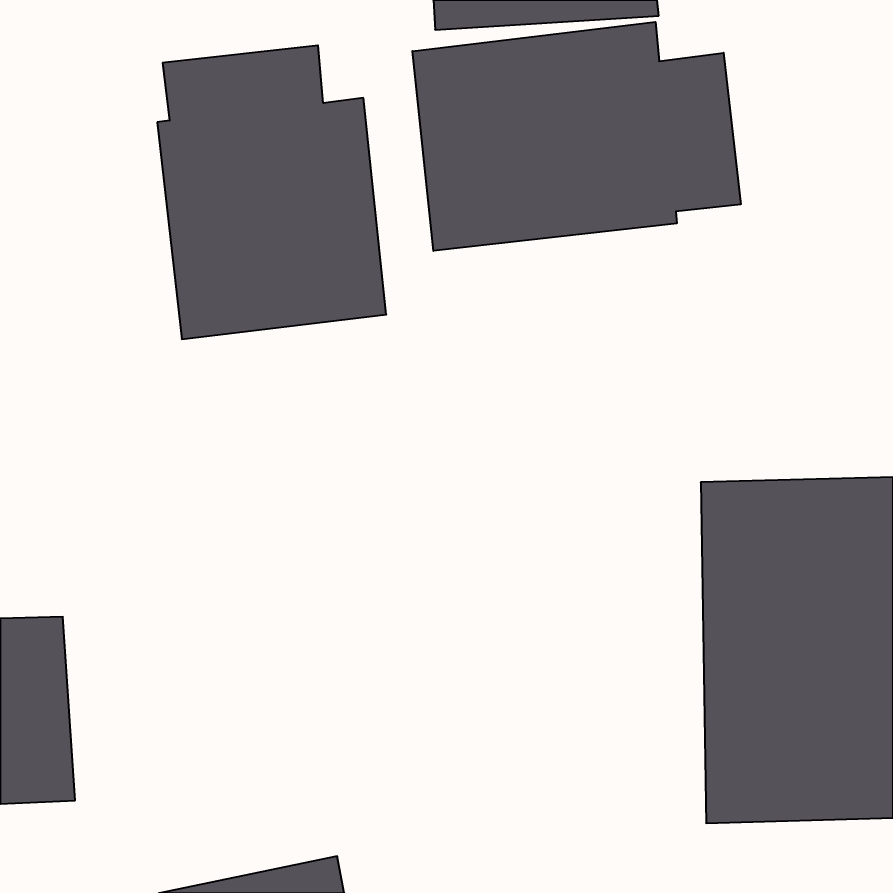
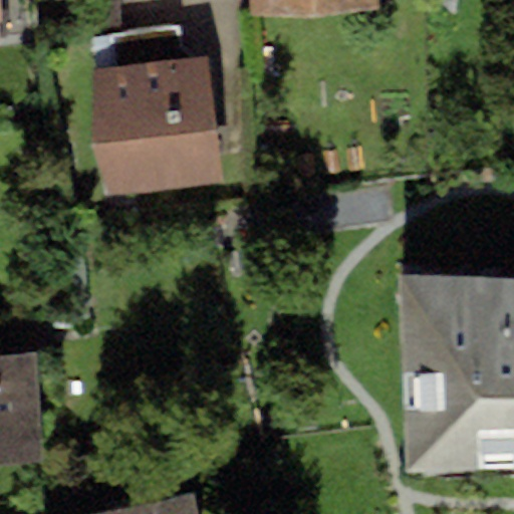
building: [412,22,741,251] -> none

